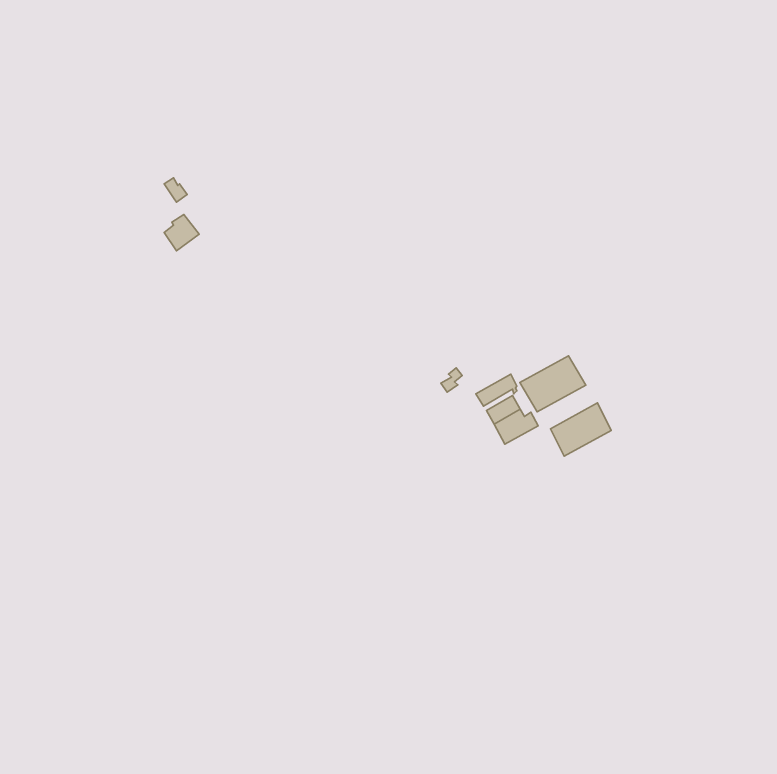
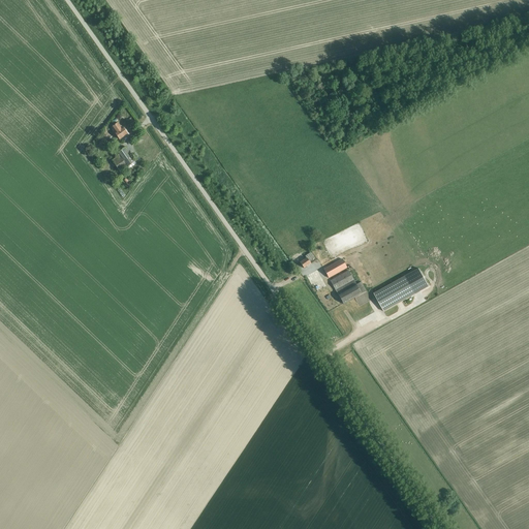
building: [520,356,586,412] -> none

